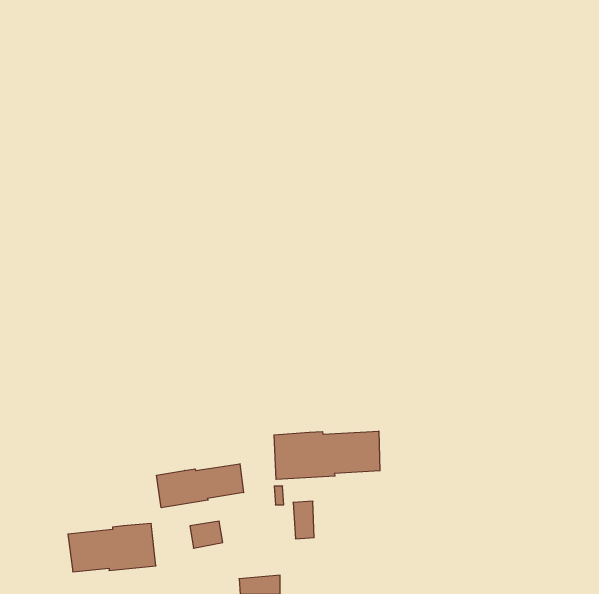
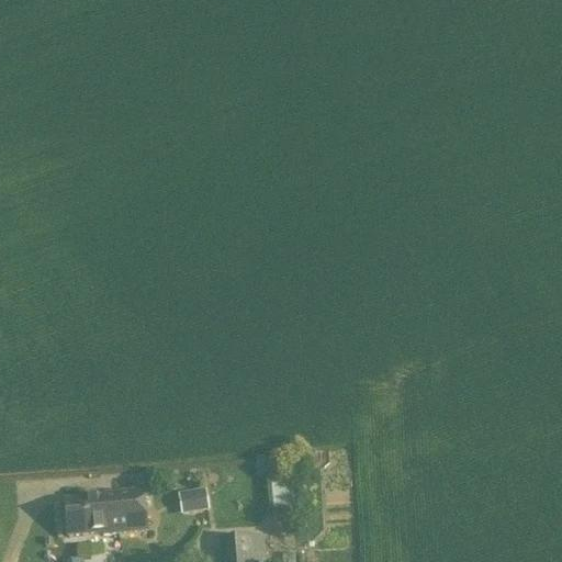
building: [274,431,380,479] -> none
building: [157,464,244,508] -> none

